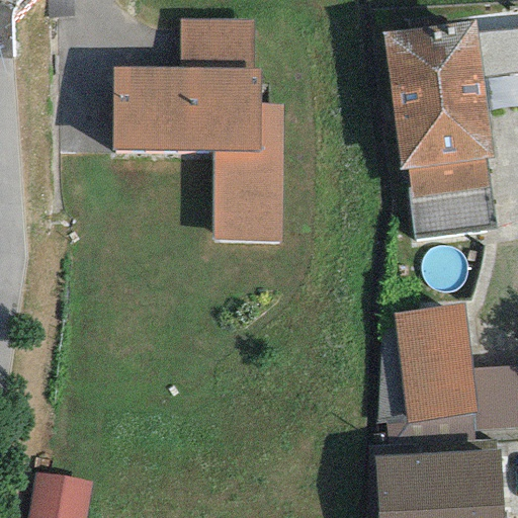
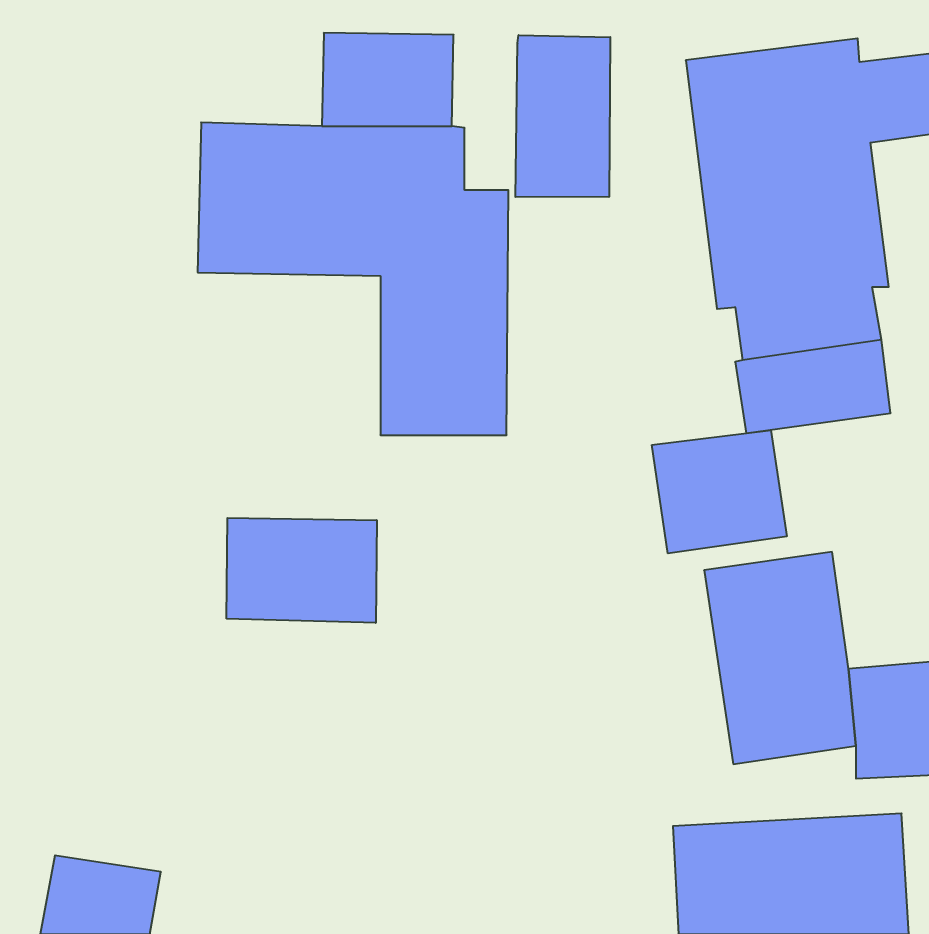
building: none -> [515,35,610,197]
building: none -> [652,430,787,553]
building: none -> [227,518,377,623]

